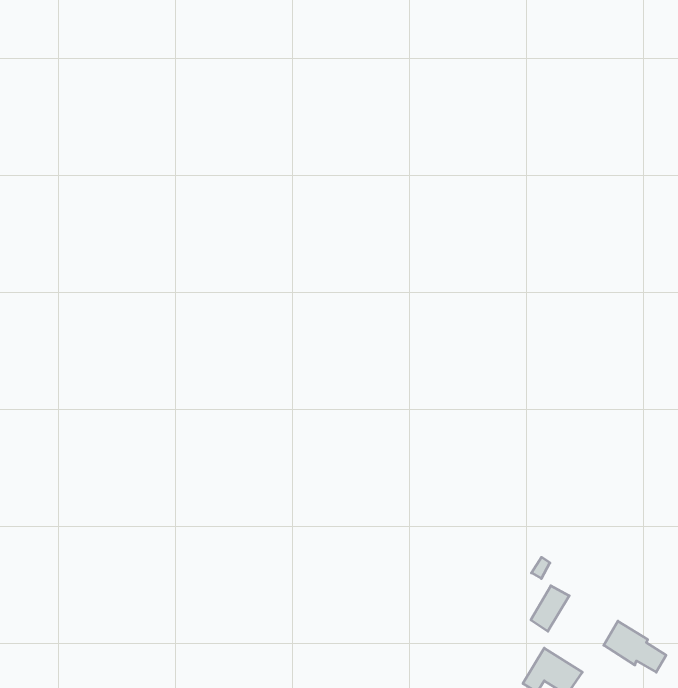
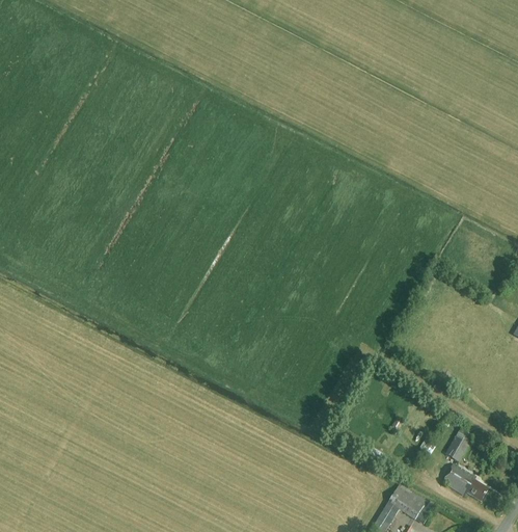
building: [531,586,569,631] -> [446,429,474,462]

